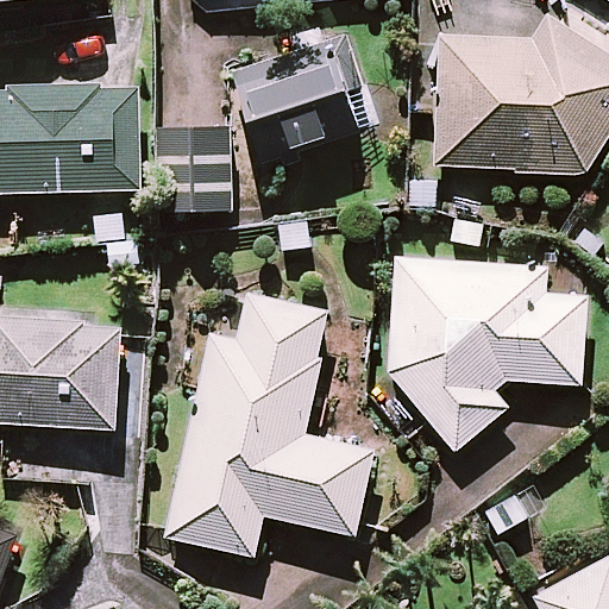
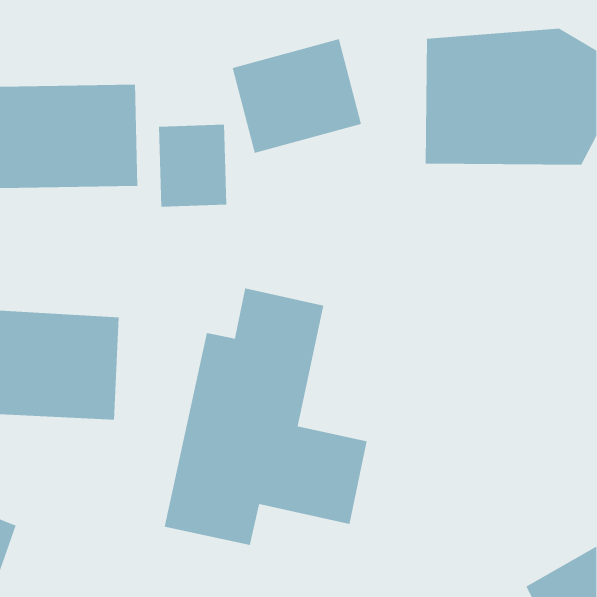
building: [390,257,588,451] -> none

